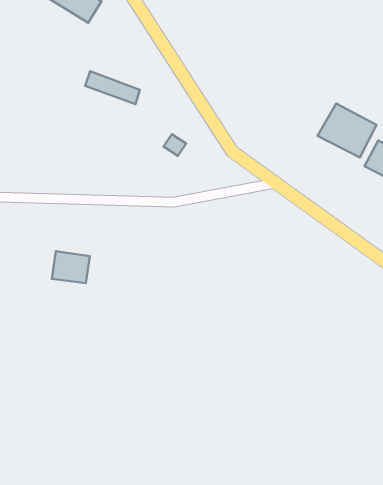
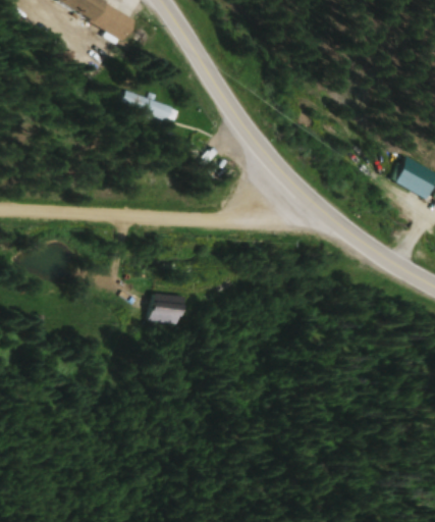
building: [318,103,376,158] -> none
building: [52,251,90,283] -> [147,293,184,324]

